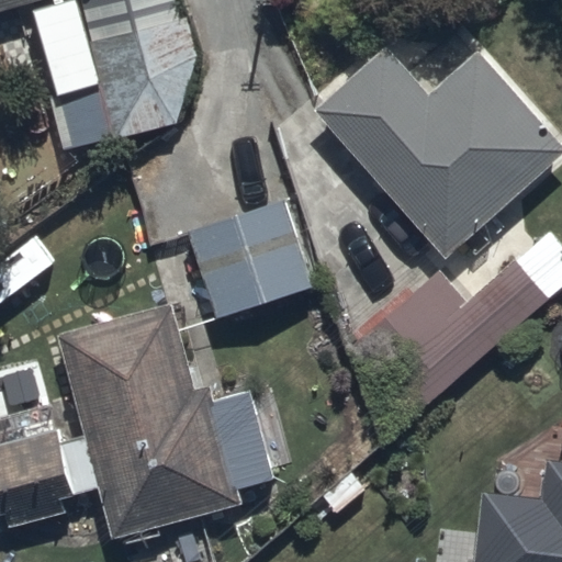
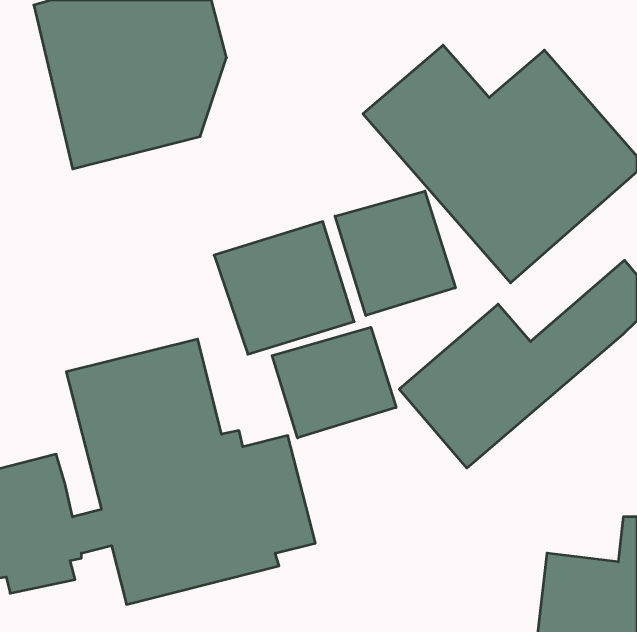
building: none -> [335,191,455,316]
building: none -> [272,327,396,438]

